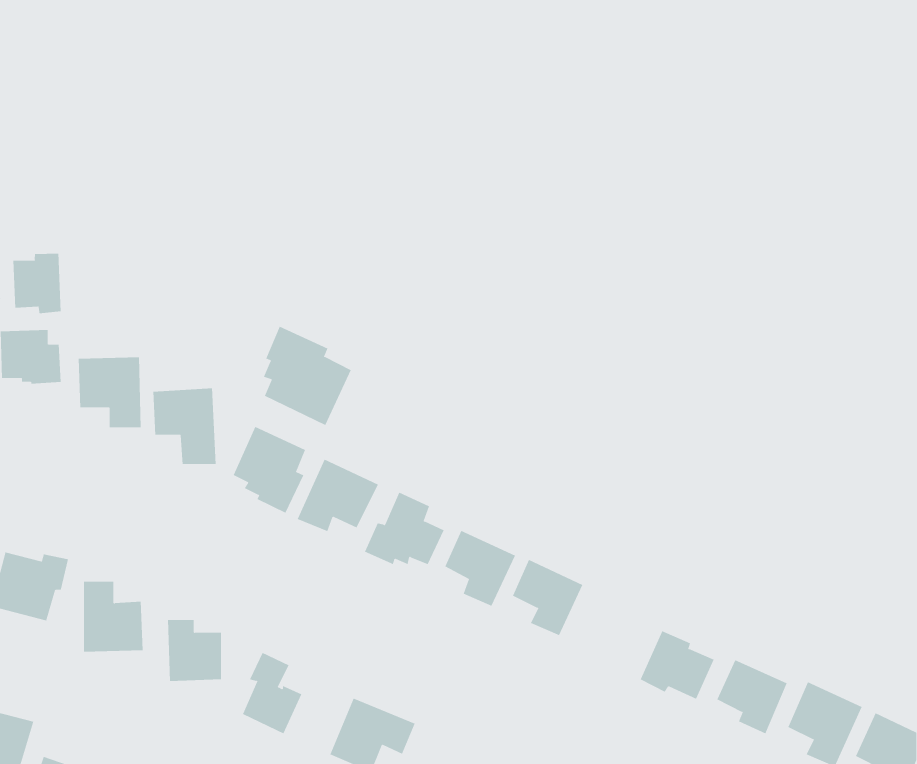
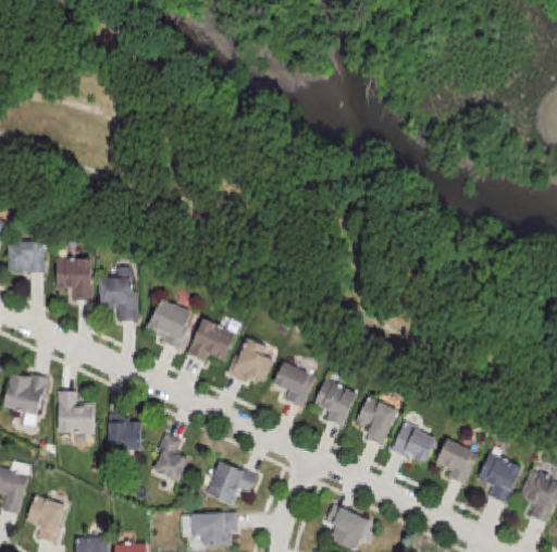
building: [13,253,61,314] -> none
building: [263,326,351,426] -> none
building: none -> [357,394,399,444]

